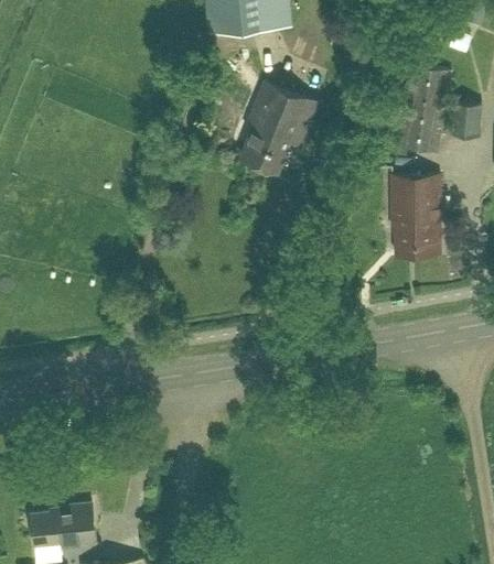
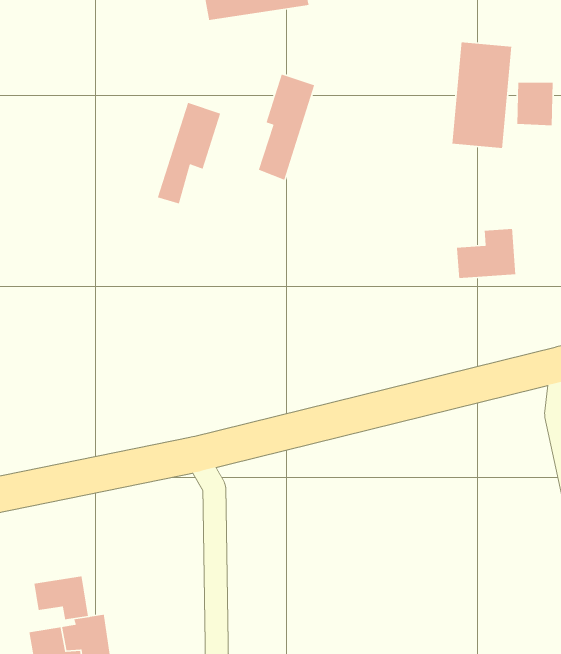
building: [260,91,316,173] -> [157,102,221,204]
building: [390,174,440,230] -> none
building: none -> [34,575,89,620]

